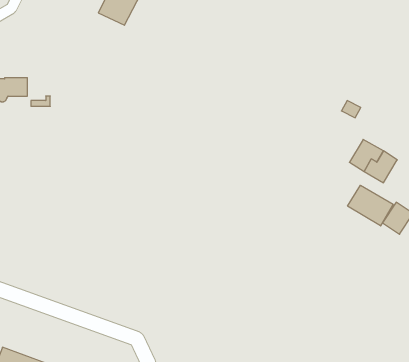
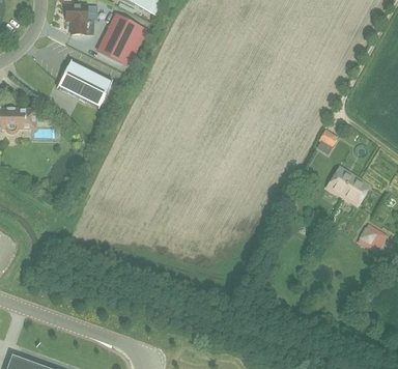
building: none -> [57,60,112,107]
building: [348,185,393,226] -> none

